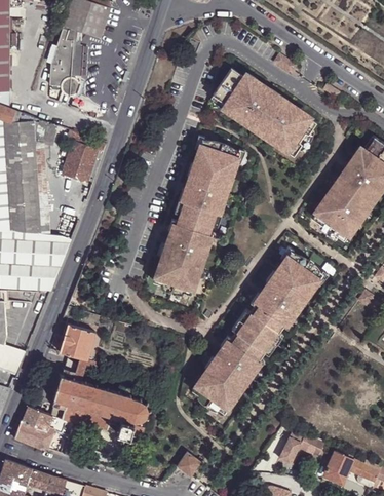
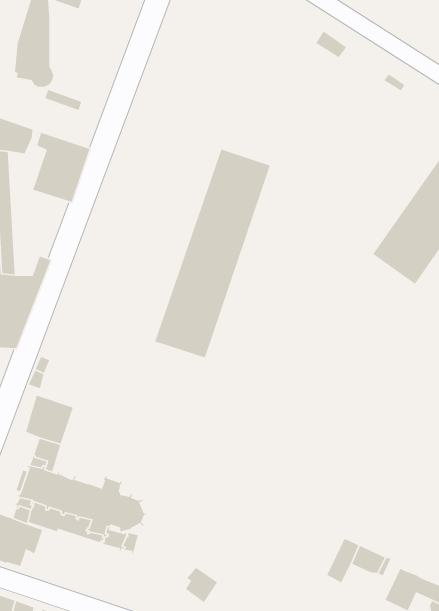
building: [209,68,315,157] -> none
building: [192,253,323,415] -> none

